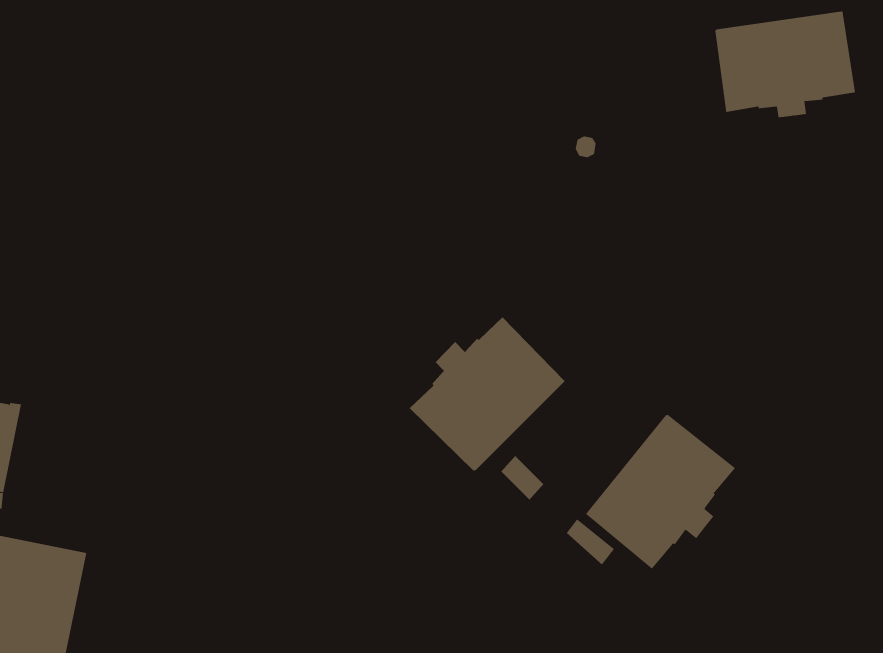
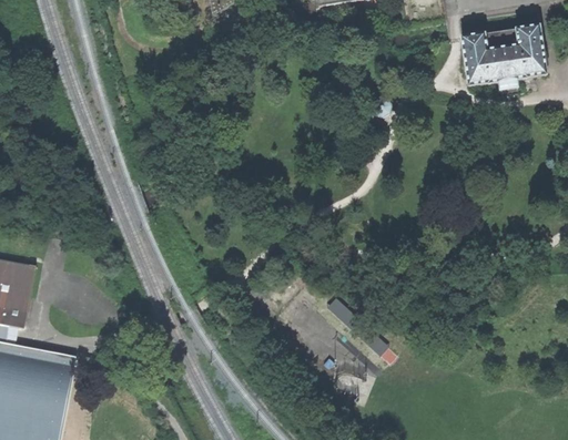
building: [409,316,566,471] -> none
building: [585,414,736,569] -> none

